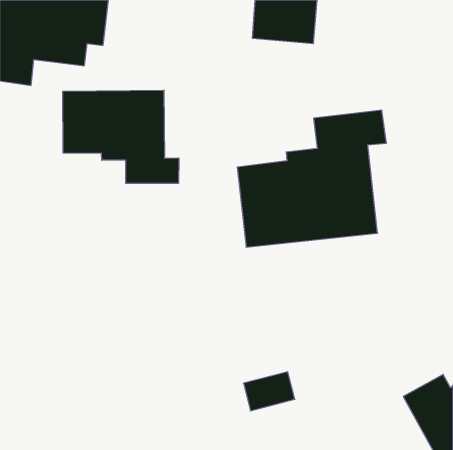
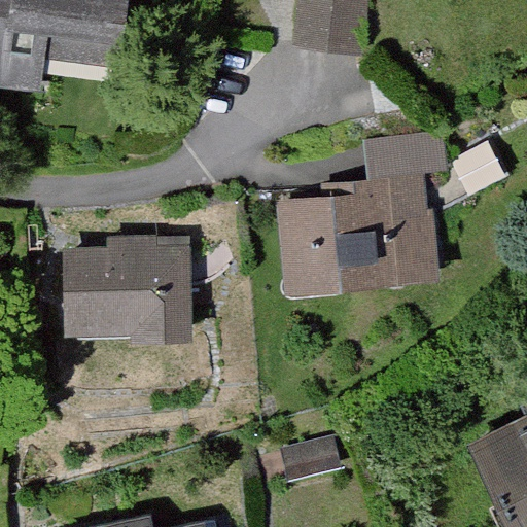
building: [63,90,179,184] -> none
building: none -> [63,235,191,337]

